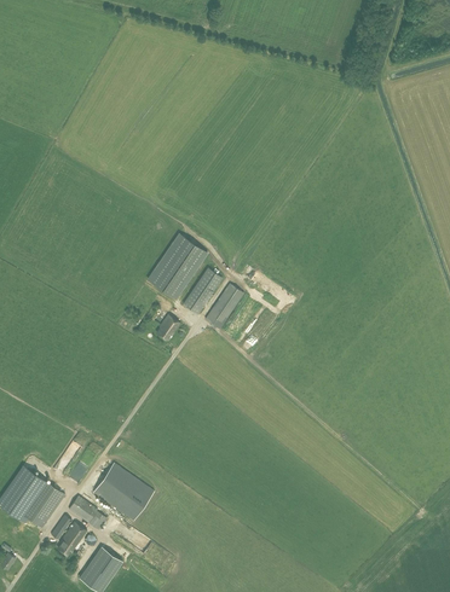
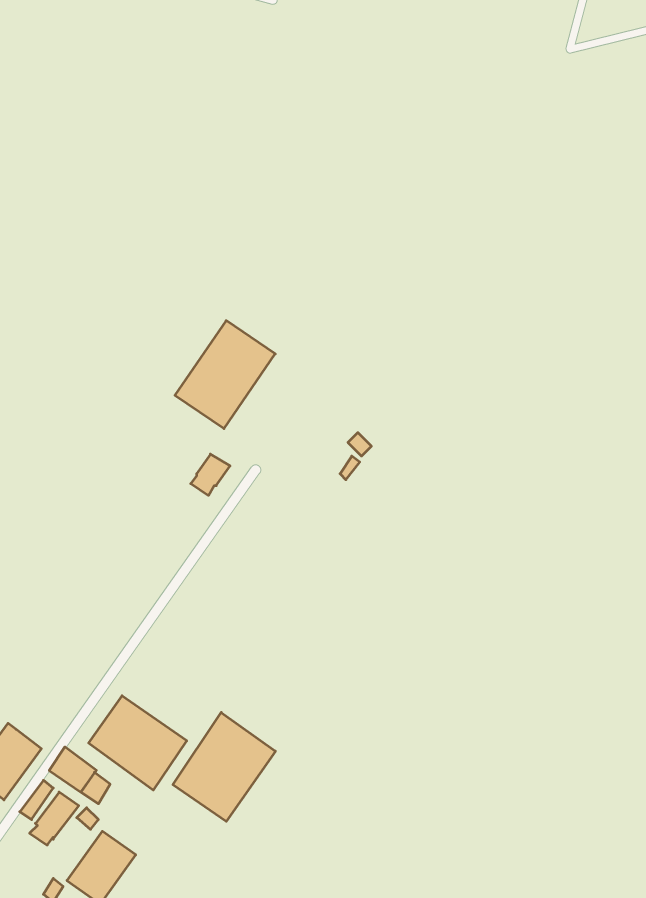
building: [183,267,221,313] -> none
building: [204,283,243,329] -> none
building: none -> [173,712,275,821]

